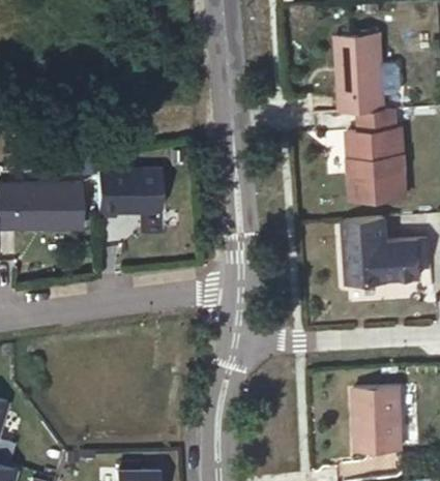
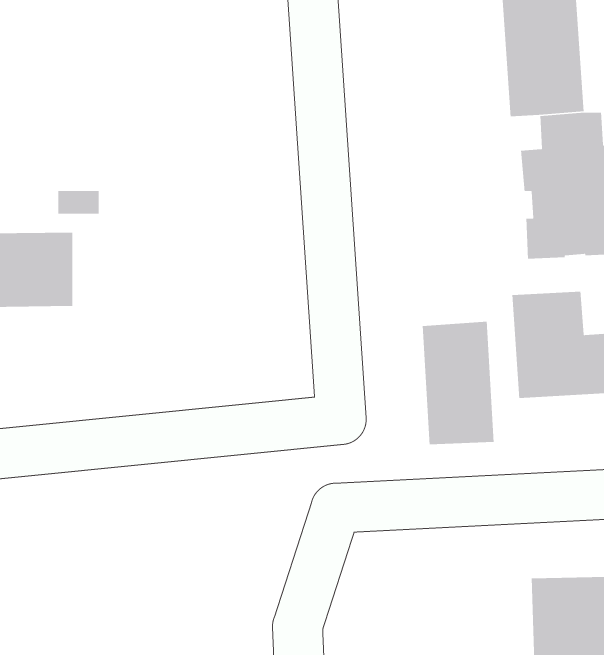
building: [99,169,160,216] -> none
building: none -> [422,321,495,445]

